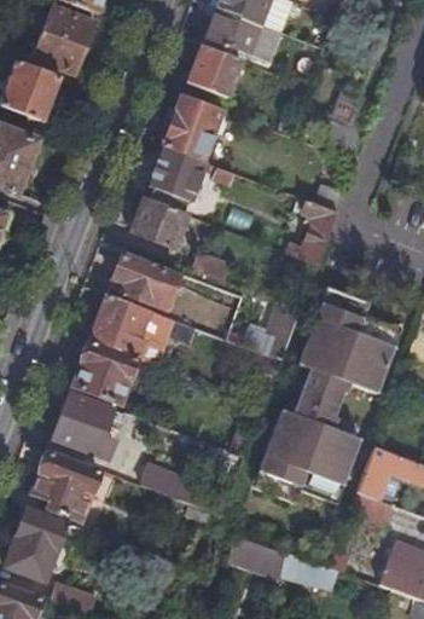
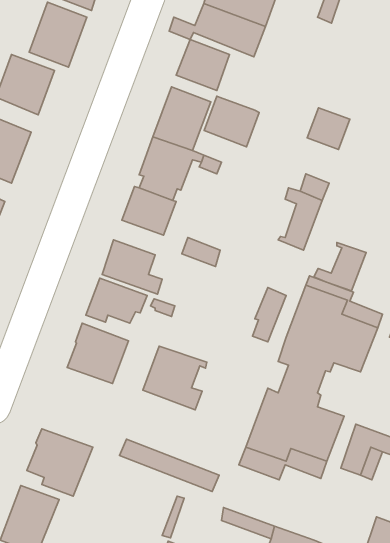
building: none -> [204,96,259,147]
building: none -> [314,242,366,291]
building: [52,393,118,459] -> [143,346,207,410]

